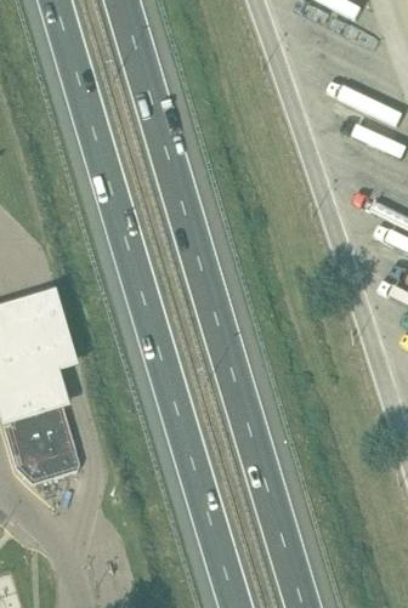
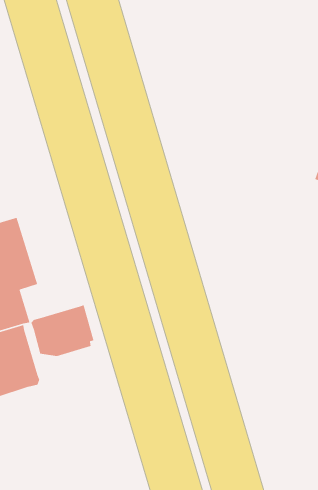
building: none -> [30,304,95,357]

